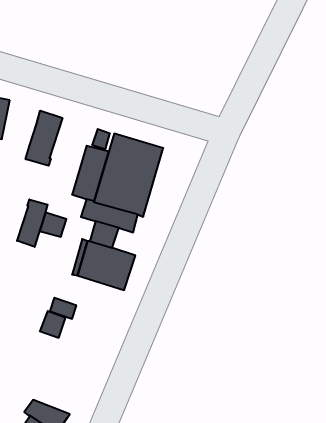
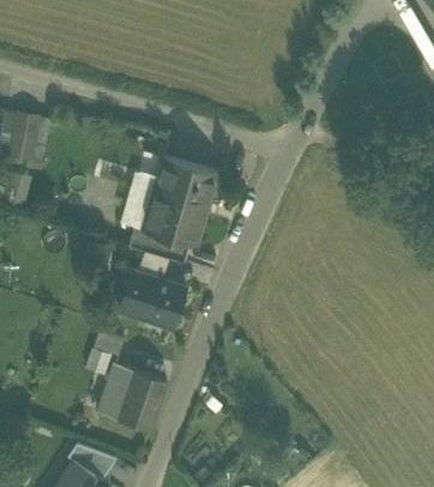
building: [26,111,62,166] -> none
building: [17,199,48,247] -> none
building: none -> [98,362,167,429]

